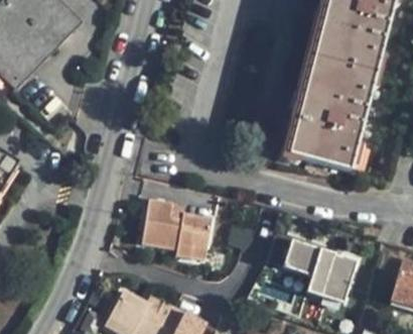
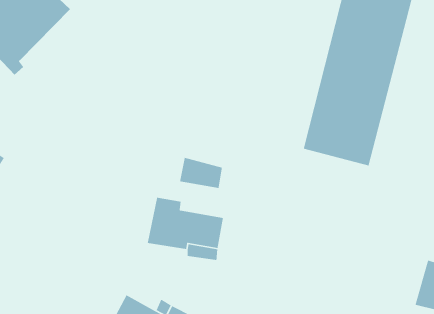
building: none -> [179,157,223,189]
building: [280,241,358,305] -> none

